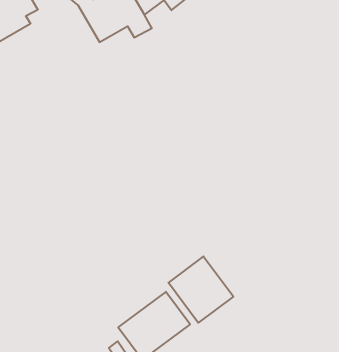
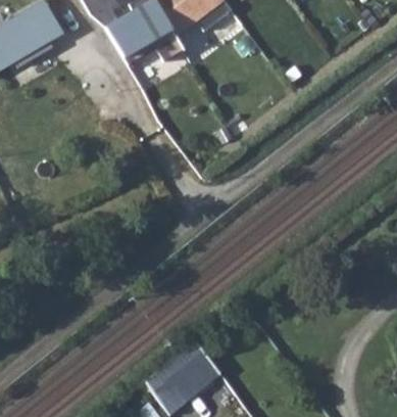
building: [168,256,233,323] -> none

